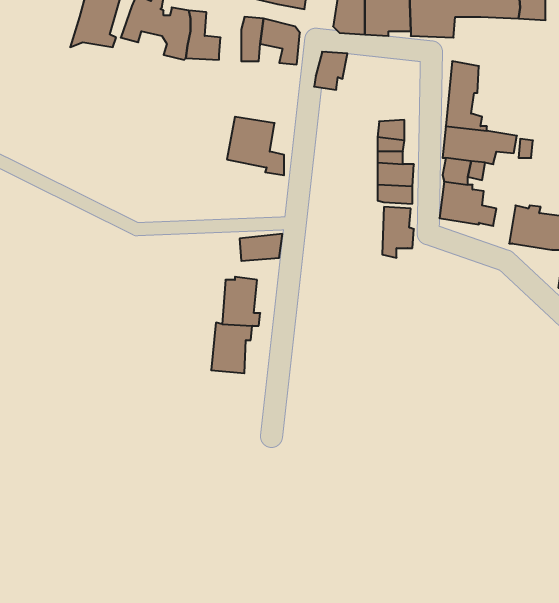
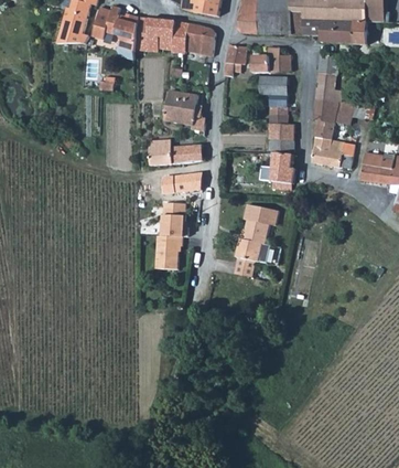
building: none -> [149,18,176,50]
building: none -> [322,21,367,44]
building: none -> [252,47,292,72]
building: none -> [259,76,289,94]
building: none -> [150,145,202,166]
building: none -> [234,203,277,276]

